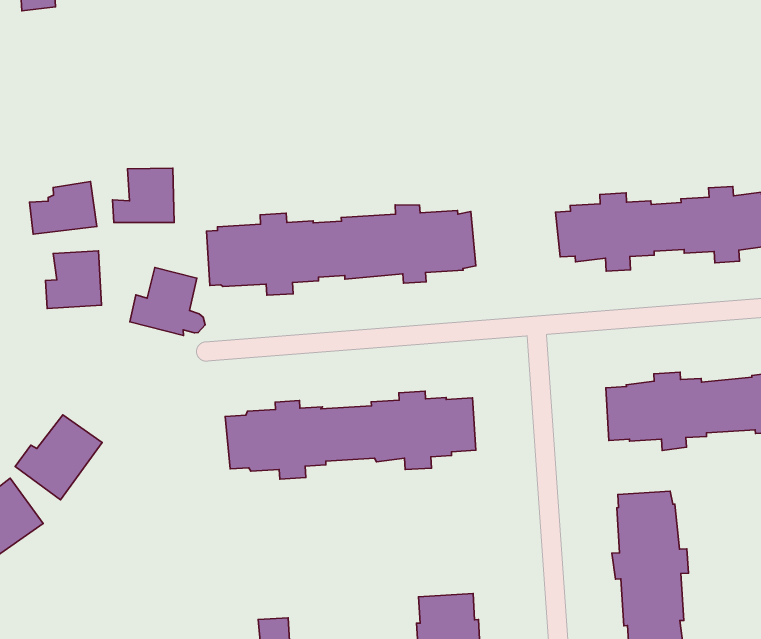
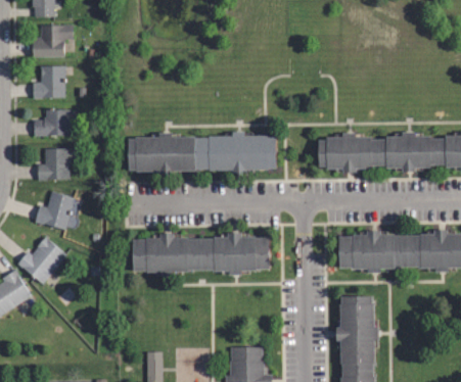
building: none -> [33,26,73,56]
building: [113,168,174,223] -> [33,65,66,96]
building: [130,267,205,335] -> [38,192,79,230]

